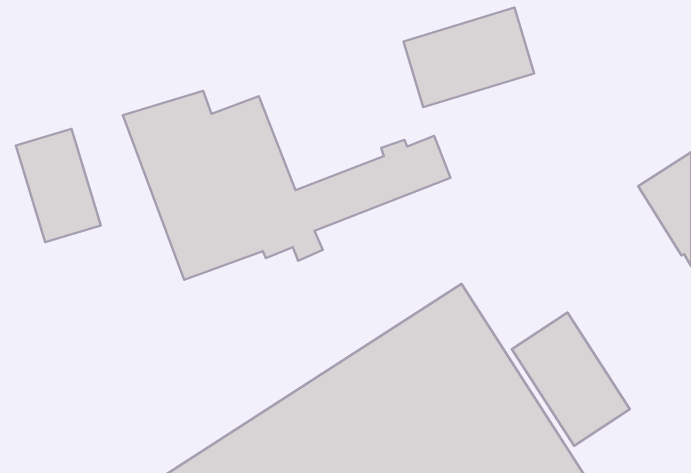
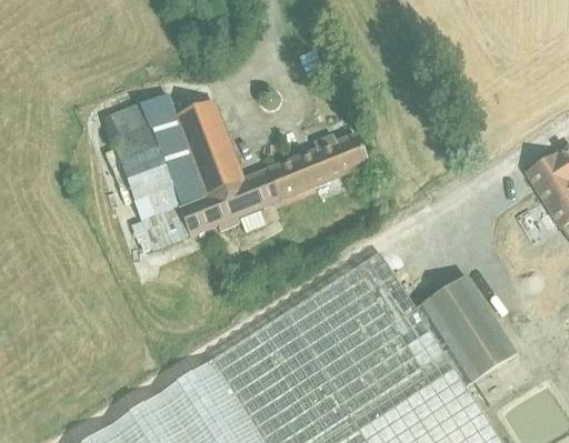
building: [404,8,534,107] -> none
building: [16,129,101,242] -> none

